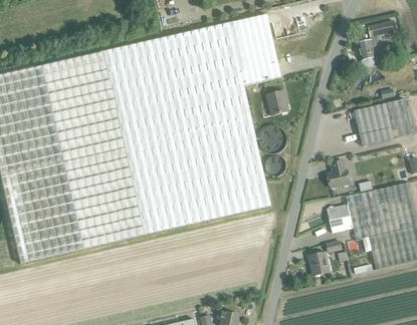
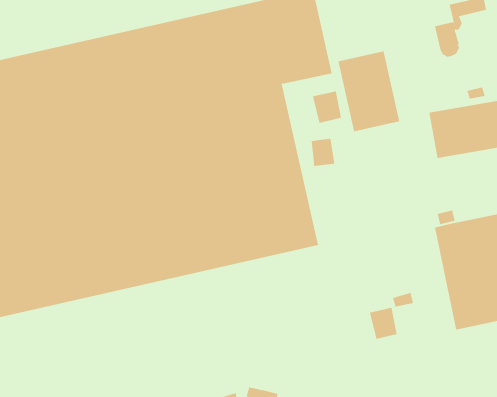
building: none -> [338,50,400,132]
building: [327,159,349,187] -> none
building: [326,204,352,232] -> none

